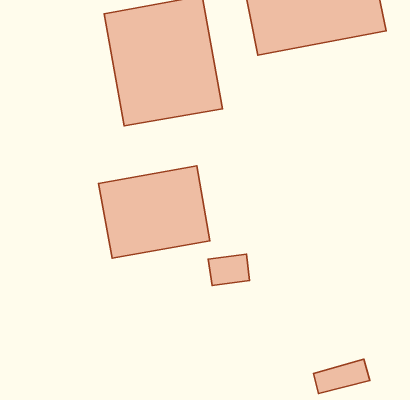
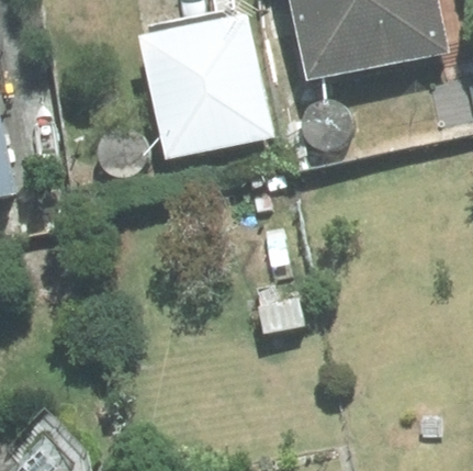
building: [99,166,210,258] -> none

